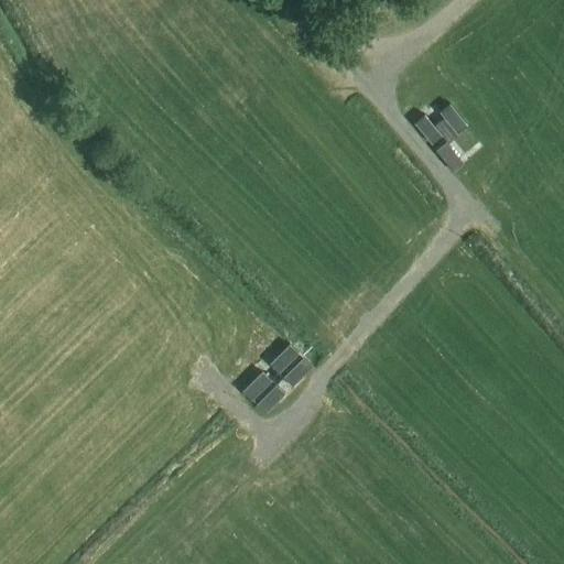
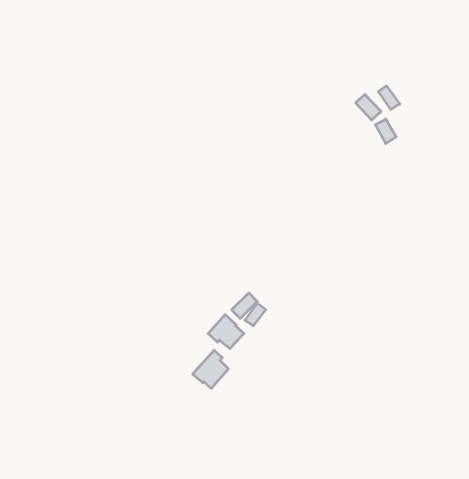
building: none -> [193,350,228,388]

